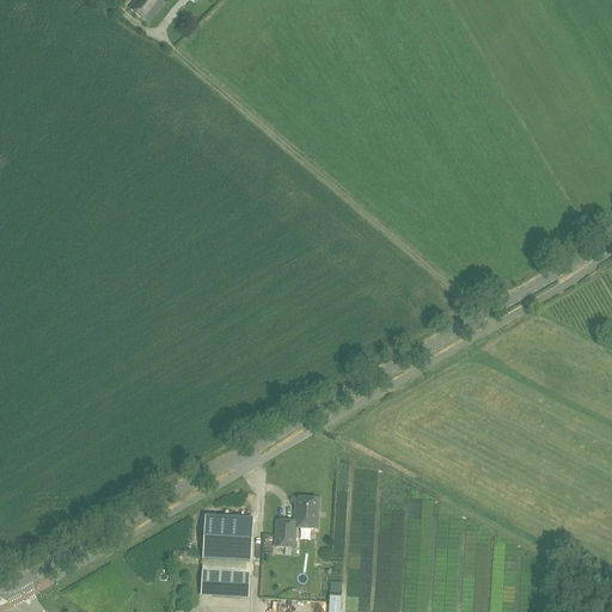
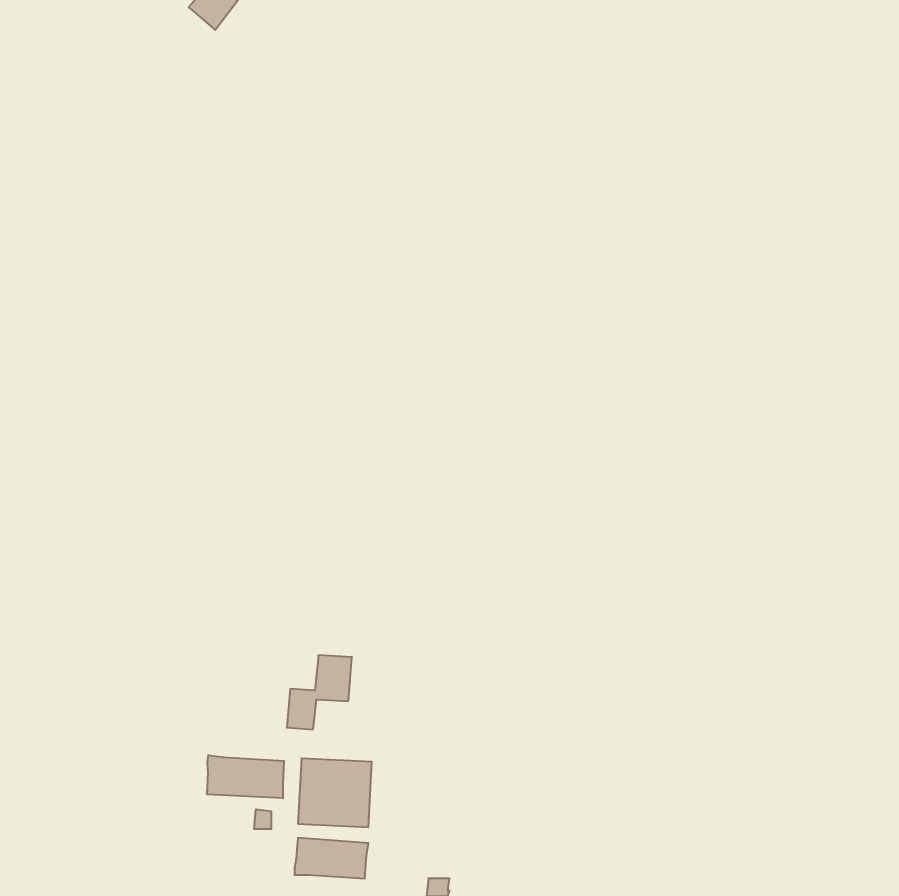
building: [274,495,318,545] -> [287,655,352,729]
building: none -> [207,755,284,798]

